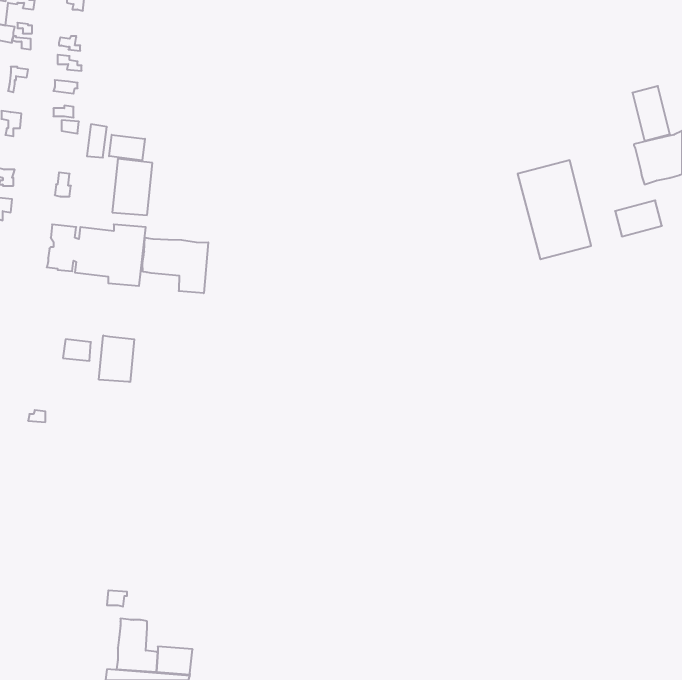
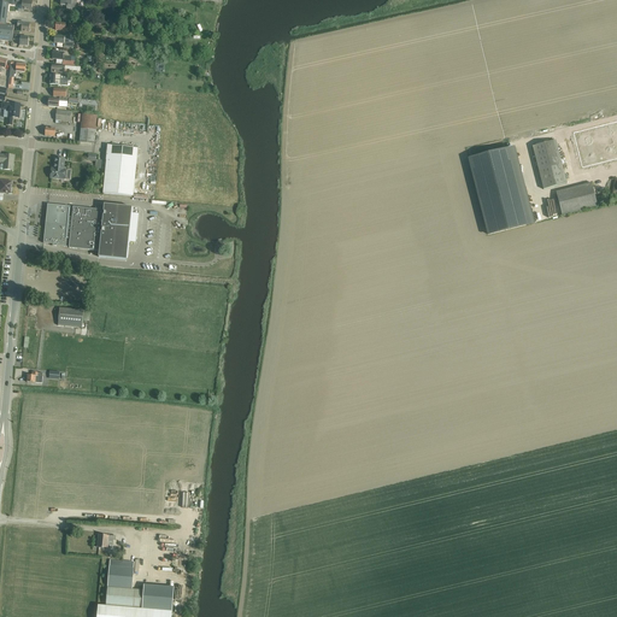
building: [632,86,670,141] -> [531,139,565,188]
building: [109,135,145,160] -> none
building: [143,238,208,293] -> none
building: [99,335,134,382] -> none

